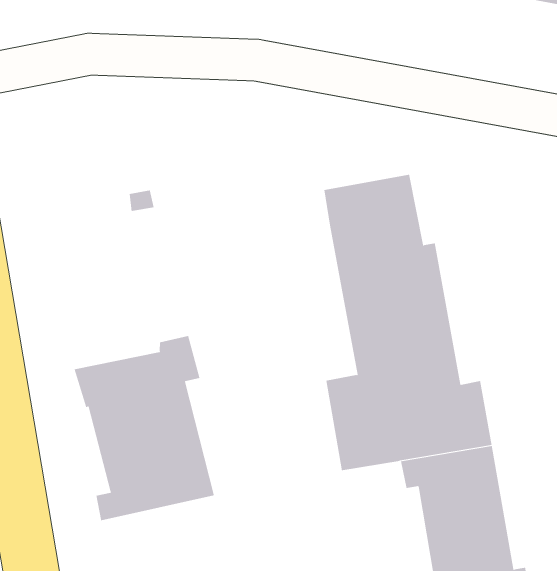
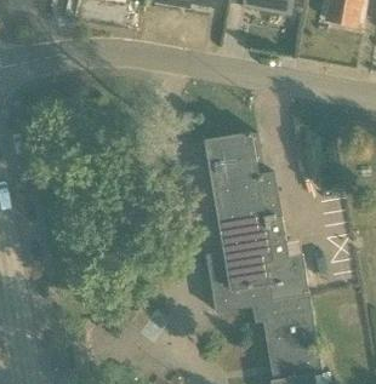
building: [74,335,215,521] -> none

